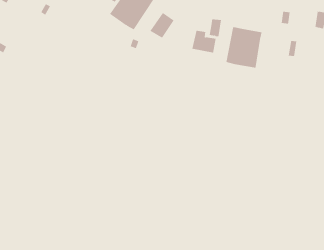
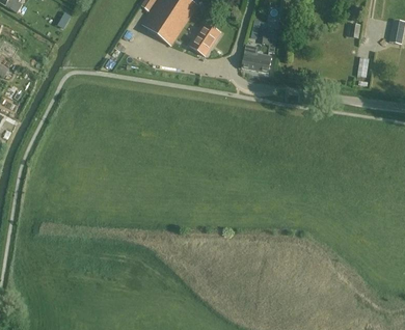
building: [226,26,262,68] -> none

